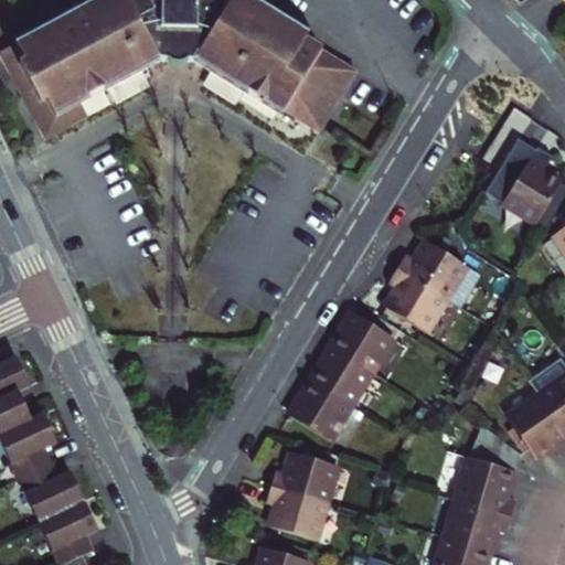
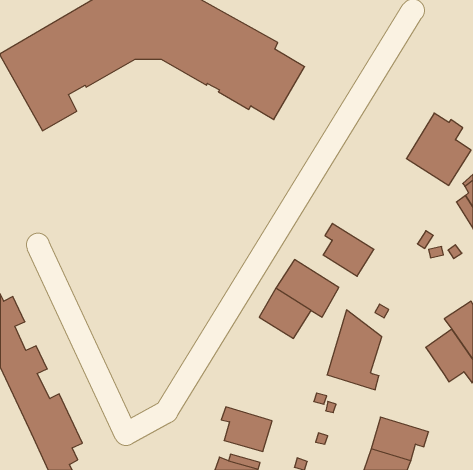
building: [396,238,477,302] -> none
building: [288,377,350,437] -> none
building: [454,419,519,514] -> [327,310,382,390]
building: [269,449,337,501] -> none

